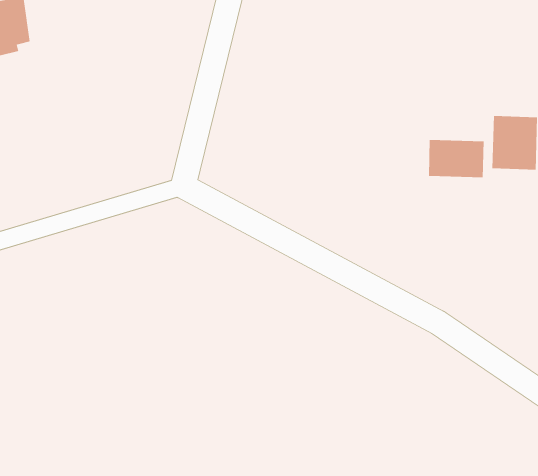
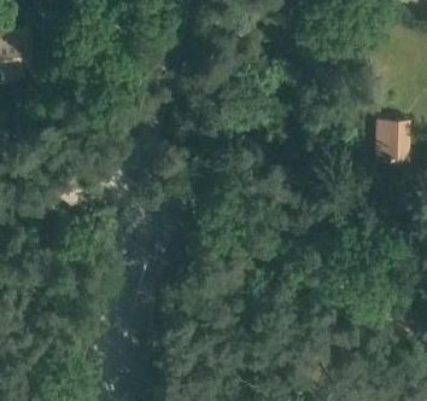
building: [428,139,484,178] -> none

